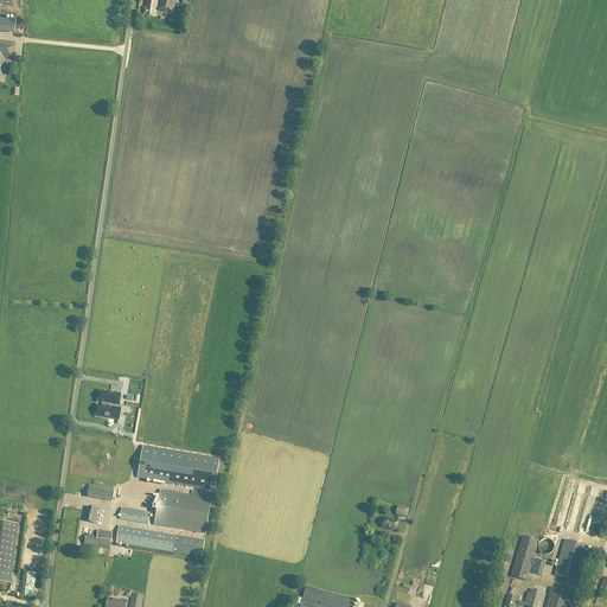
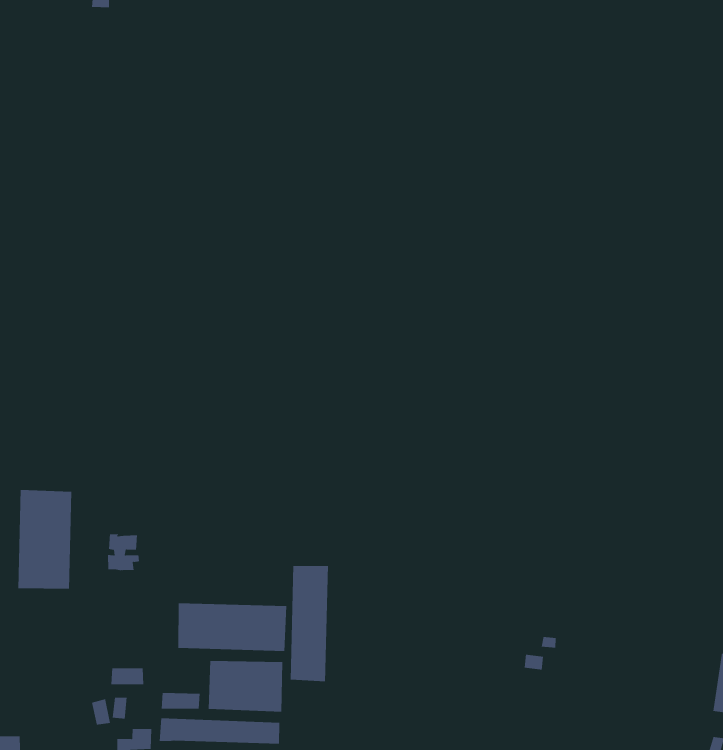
building: none -> [18,489,72,589]
building: none -> [290,565,329,682]

